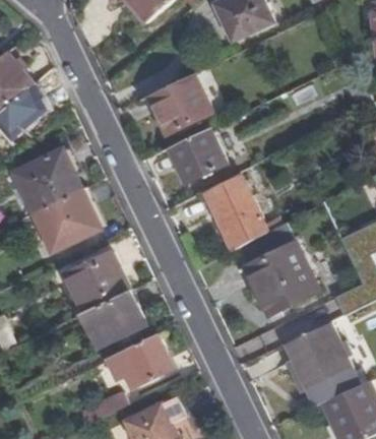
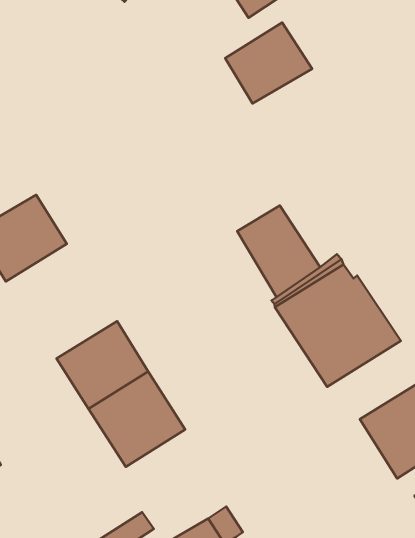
building: [149,74,212,131] -> [225,22,312,103]
building: [170,129,226,181] -> none
building: [35,190,101,251] -> none
building: [107,334,173,386] -> none

